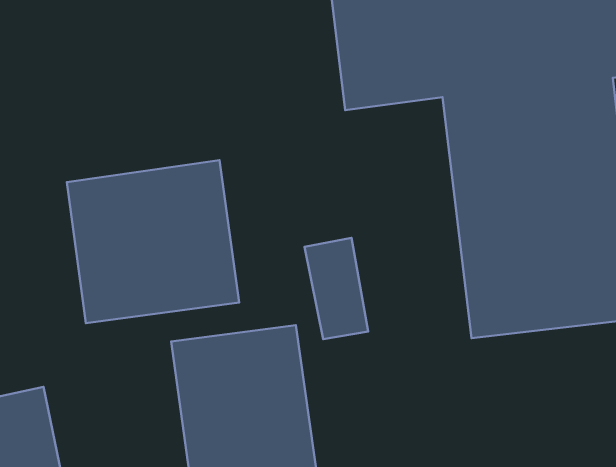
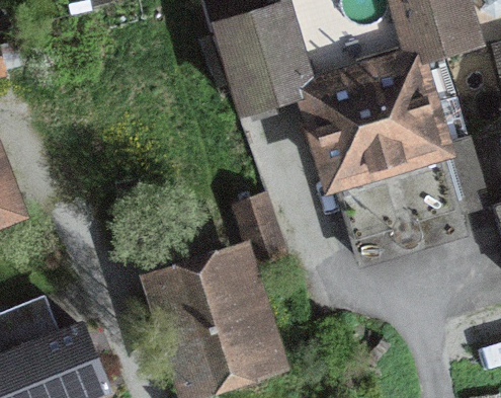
building: [67,160,239,323] -> none

